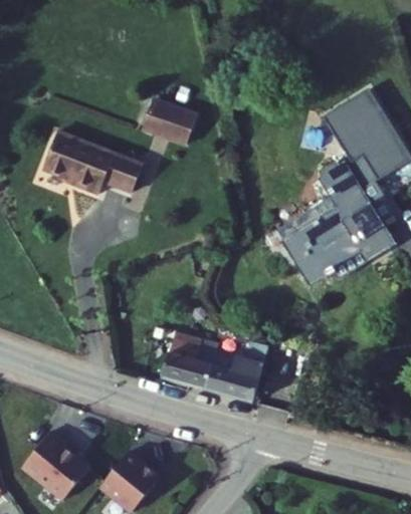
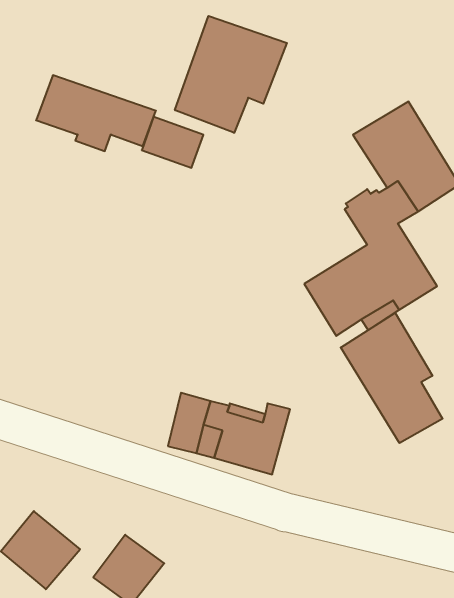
building: none -> [175,16,287,133]
building: [40,131,142,195] -> [36,75,156,151]
building: none -> [341,313,443,443]

